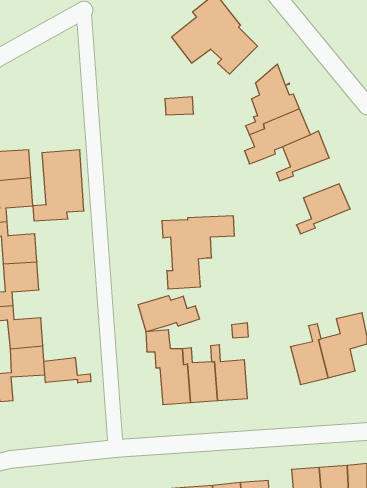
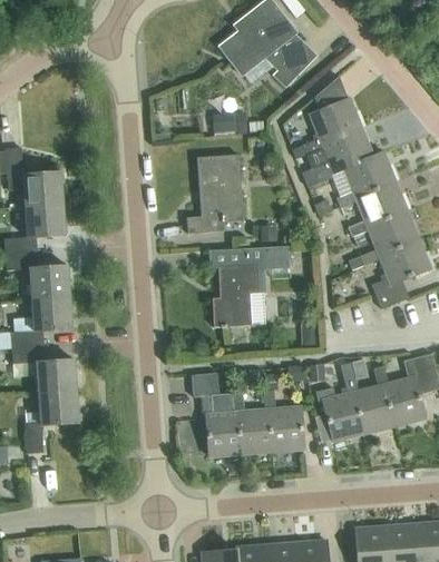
building: [33,150,84,221] -> [187,154,244,233]
building: none -> [348,180,407,235]
building: none -> [371,237,431,308]
building: [138,296,200,332] -> none
building: none -> [314,373,363,441]
building: [44,357,91,383] -> none

